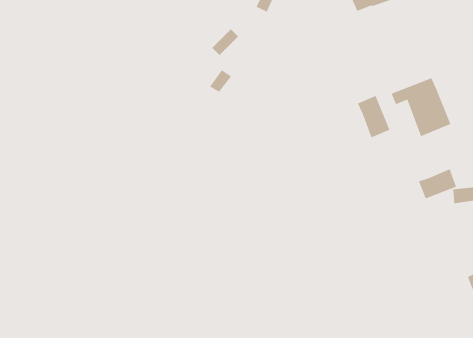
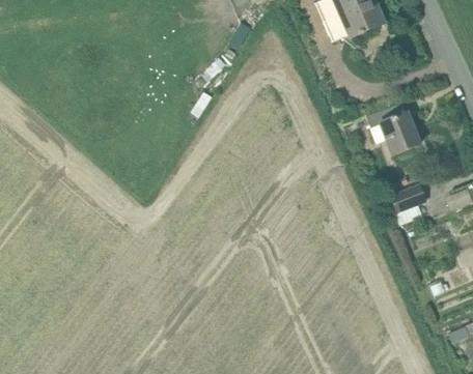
building: [357,95,390,138] -> none

